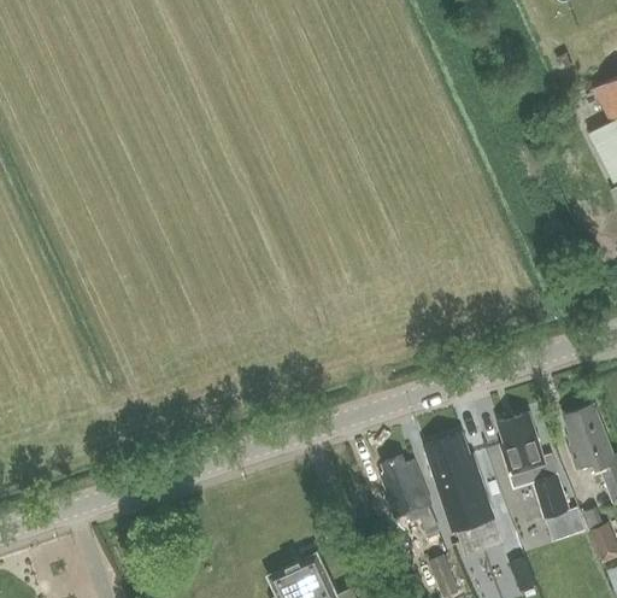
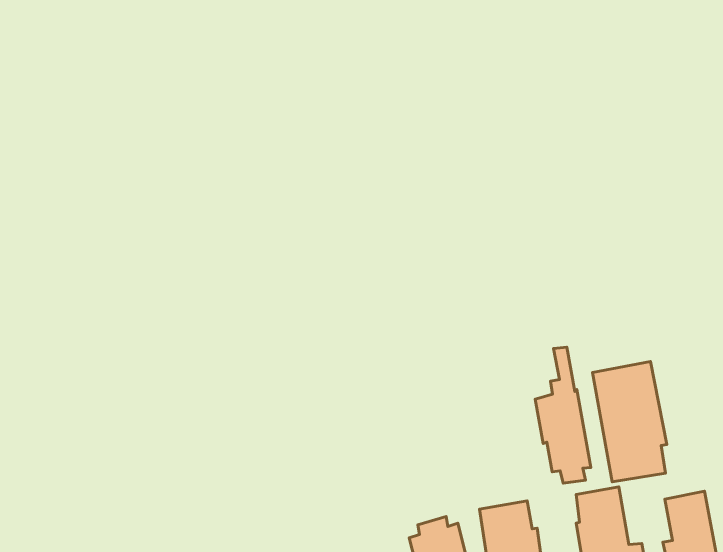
building: none -> [535,347,591,483]
building: none -> [592,361,667,482]

